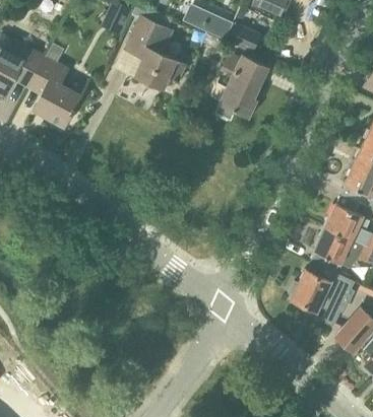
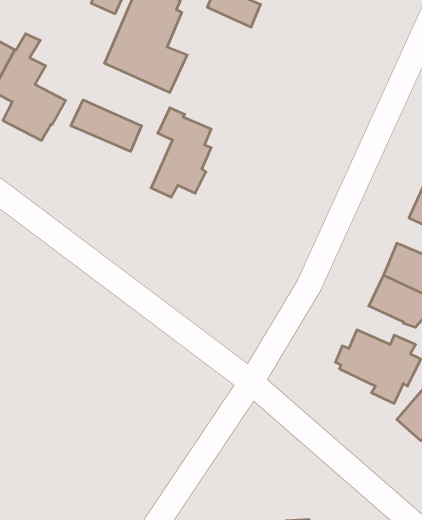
building: [228,23,260,52] -> none
building: [215,52,261,120] -> [151,108,211,197]
building: none -> [71,100,142,151]

